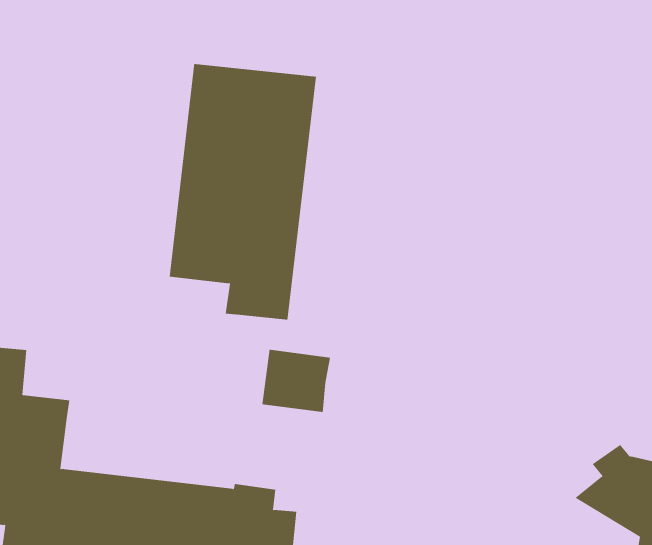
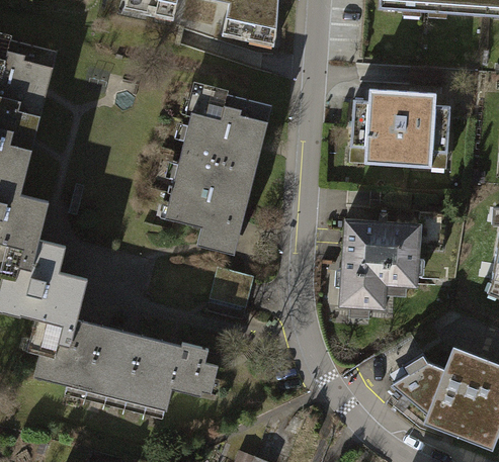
building: none -> [347,89,450,166]
building: none -> [341,220,423,311]

